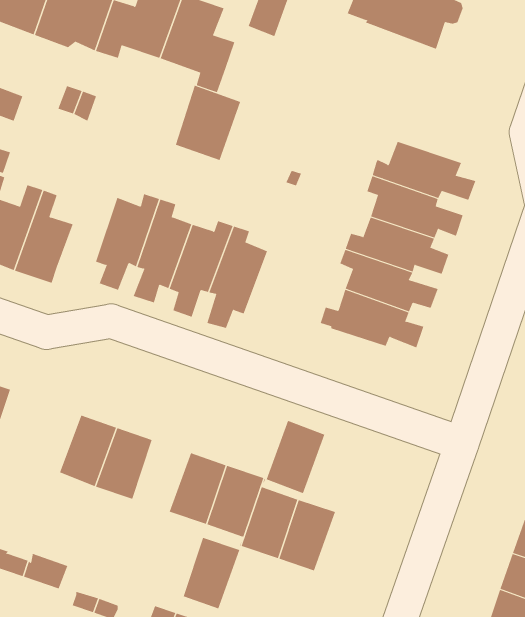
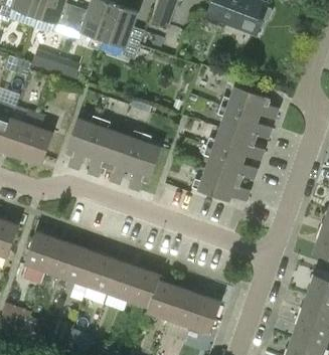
building: [175,85,241,161] -> none
building: none -> [24,231,57,272]
building: [266,420,325,494] -> [188,294,221,335]
building: [183,537,240,609] -> [87,253,119,294]

